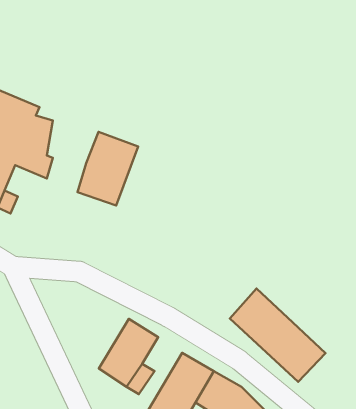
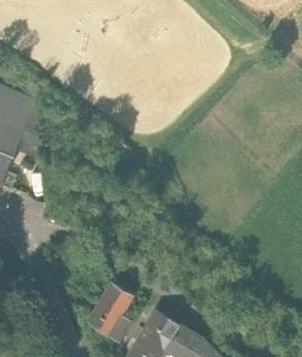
building: [77,132,138,205] -> none
building: [230,289,325,382] -> none

